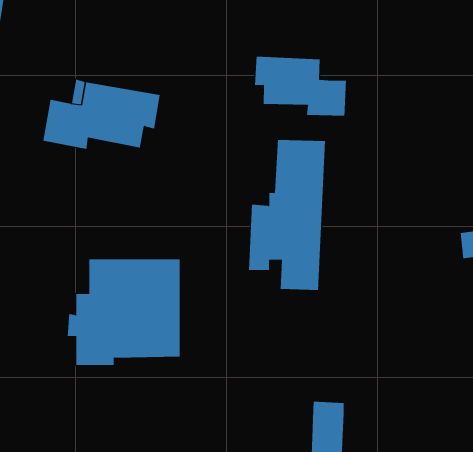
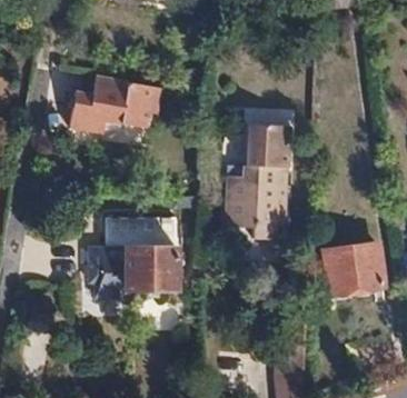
building: [255,56,347,117] -> none
building: none -> [325,247,381,295]

